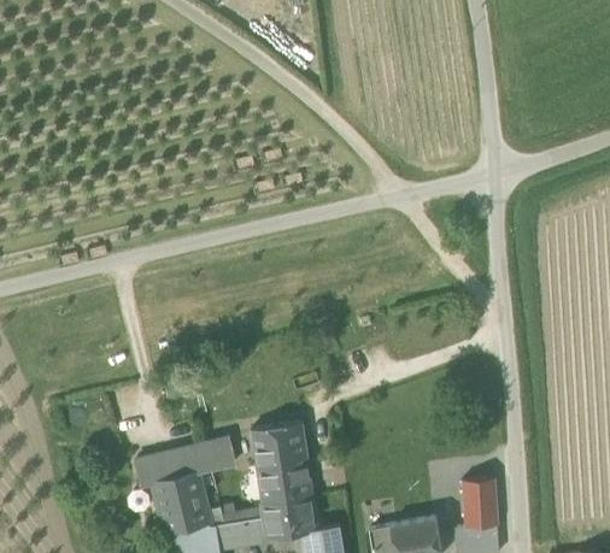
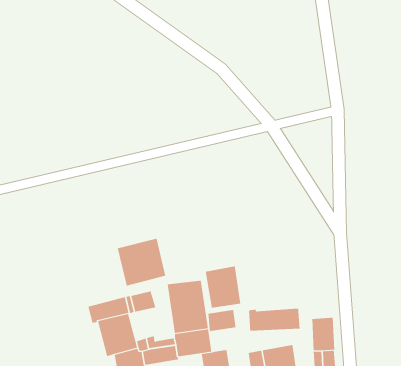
building: none -> [117,238,166,287]
building: none -> [205,265,241,308]
building: none -> [249,307,300,331]
building: none -> [208,309,236,332]

